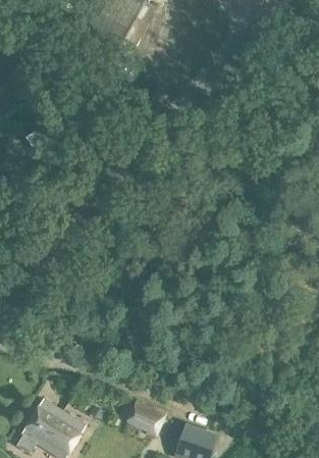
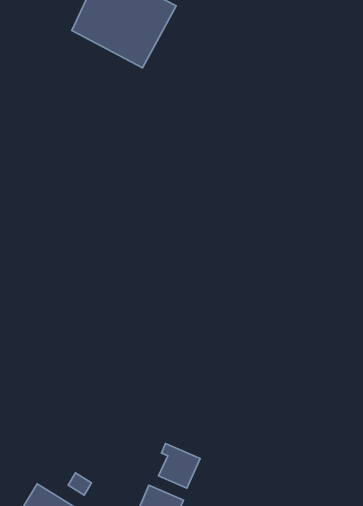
building: none -> [159,444,200,488]

